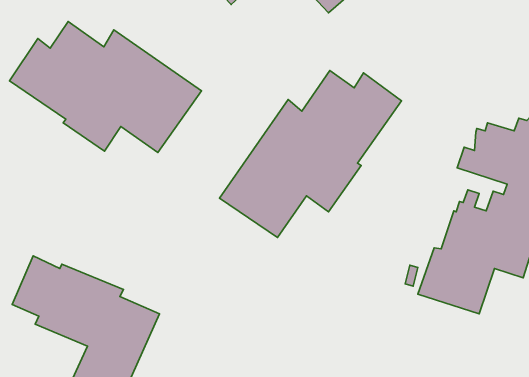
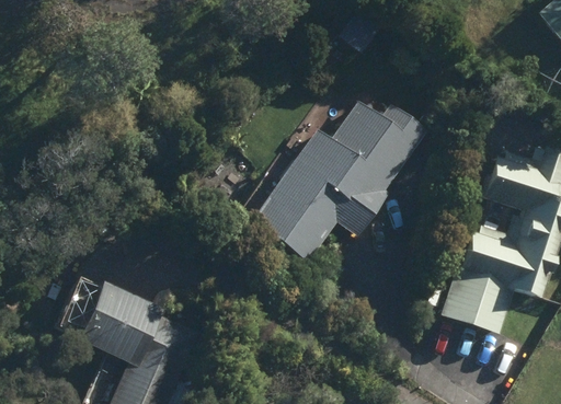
building: [9,22,201,152] -> none

